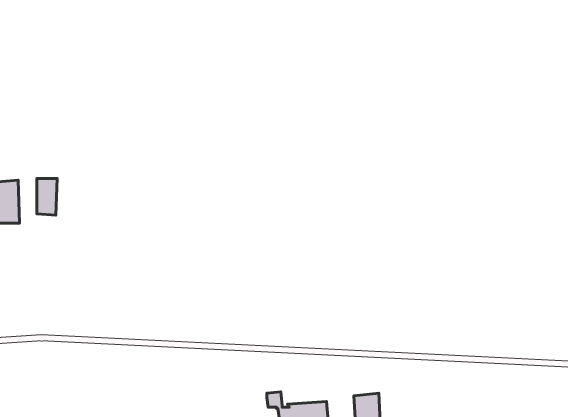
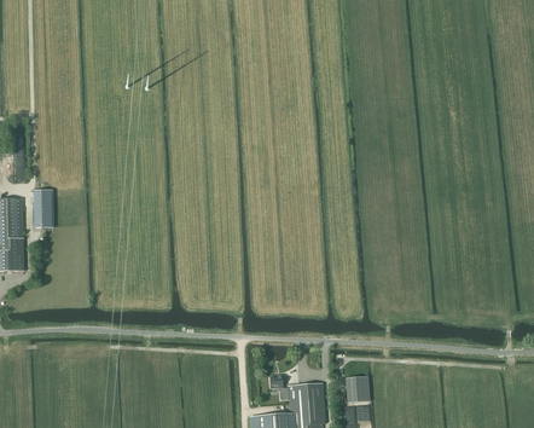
building: [37,178,57,215] -> none

